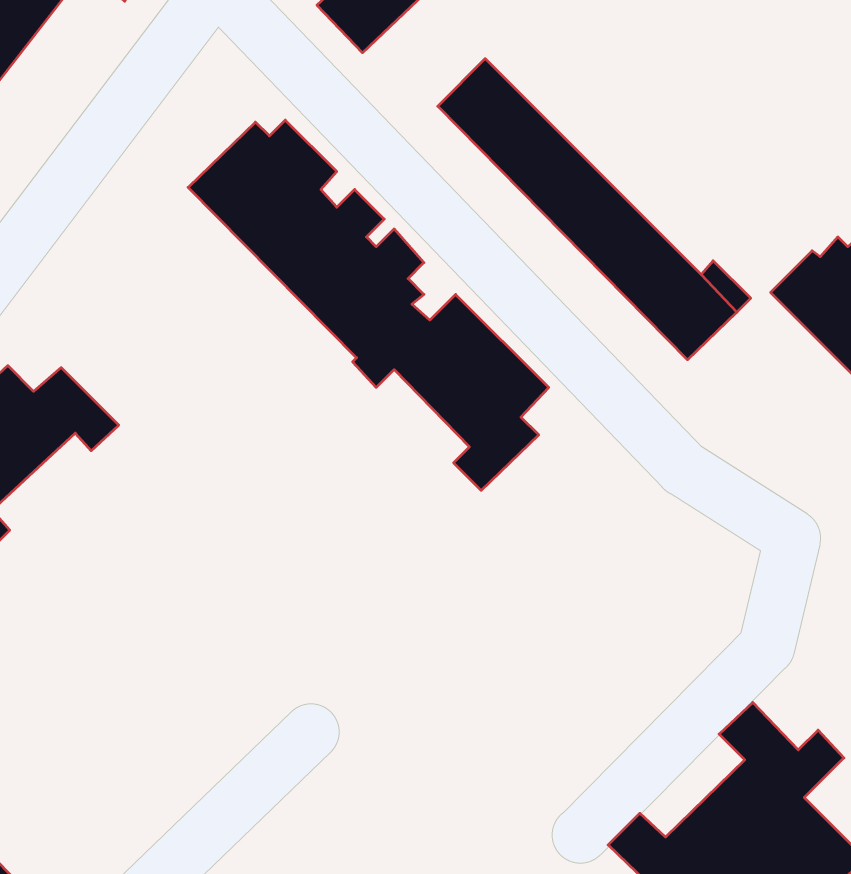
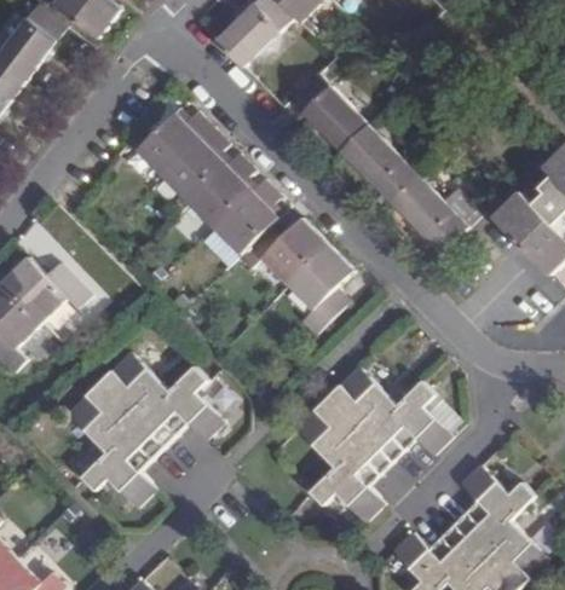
building: none -> [64,352,223,509]
building: none -> [293,357,452,522]

